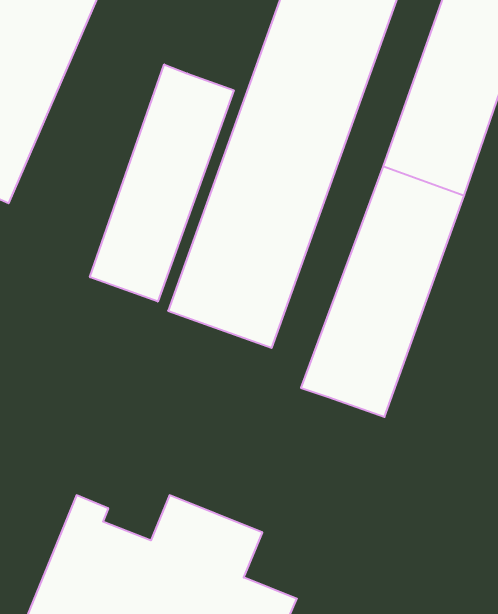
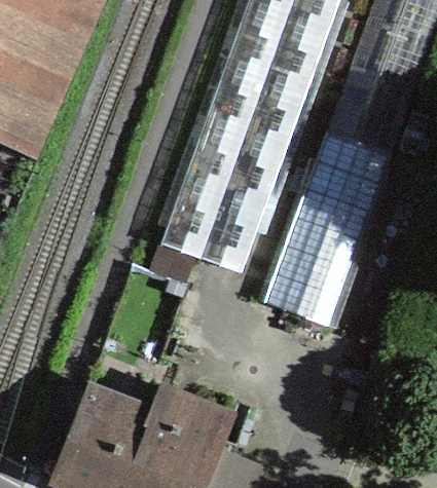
building: [90,64,234,302] -> none

